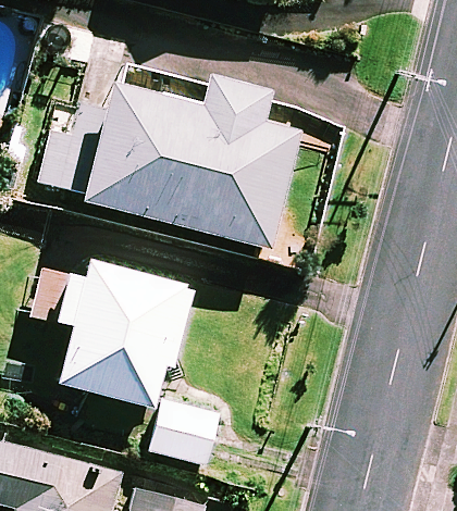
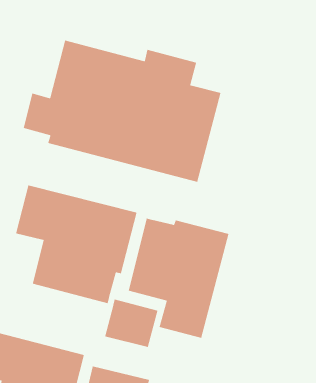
building: none -> [128,218,230,339]

